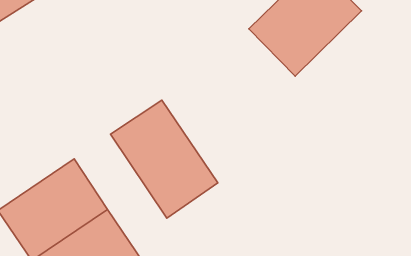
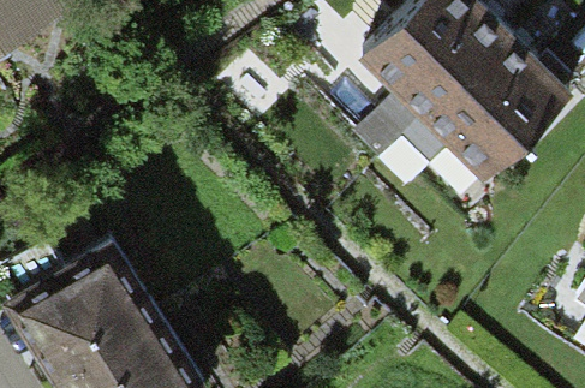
building: none -> [422,38,574,190]
building: [110,100,218,218] -> none

